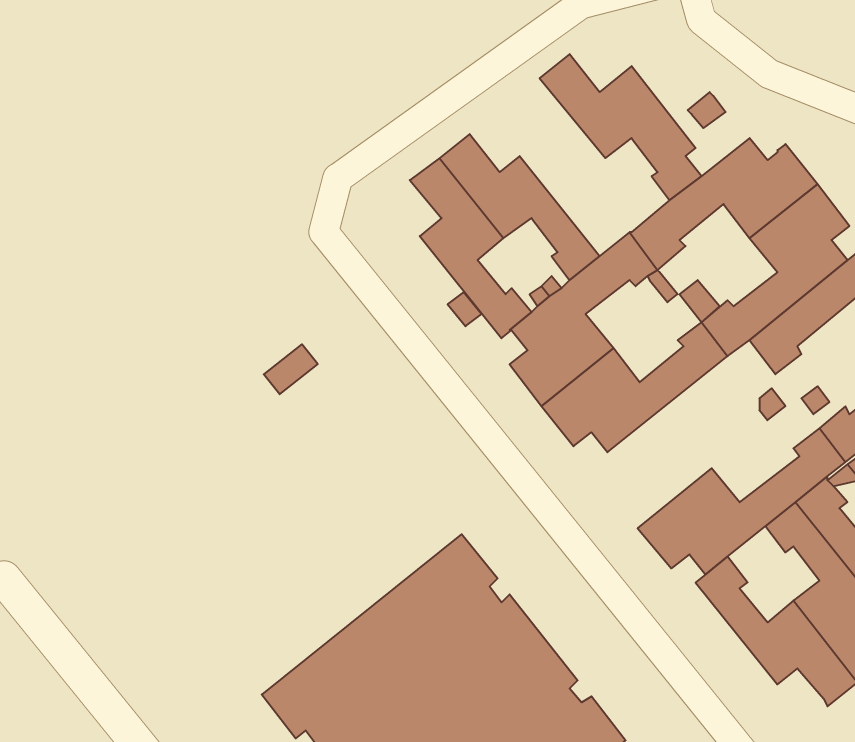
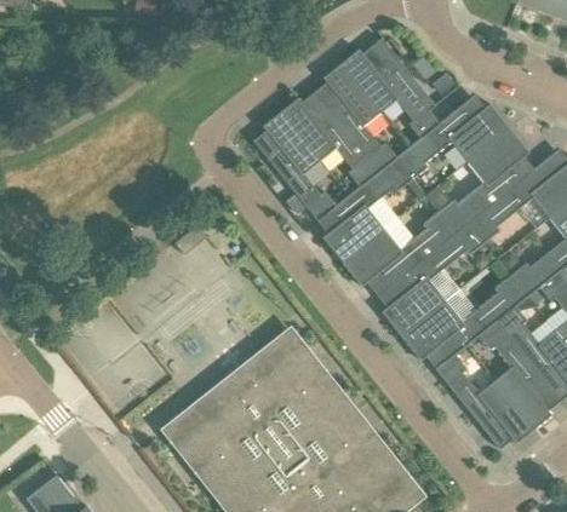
building: none -> [323,63,397,171]
building: none -> [382,222,485,335]

